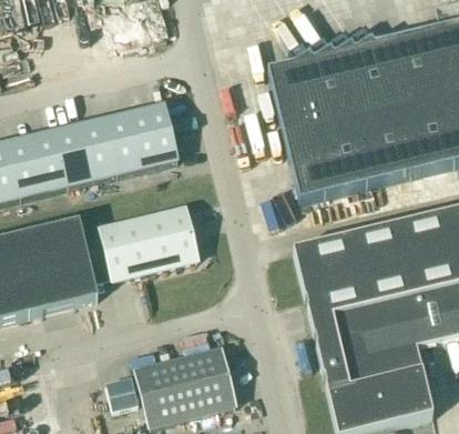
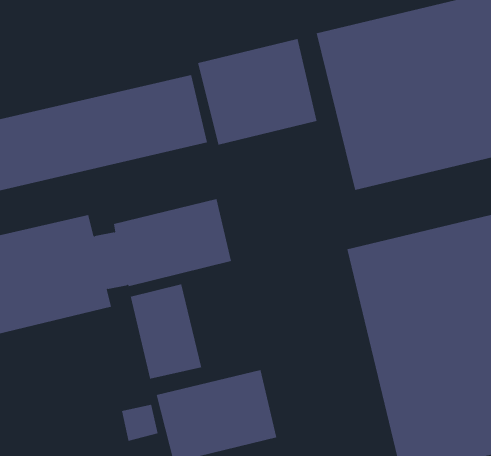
building: none -> [198,38,317,146]
building: none -> [130,284,202,380]

